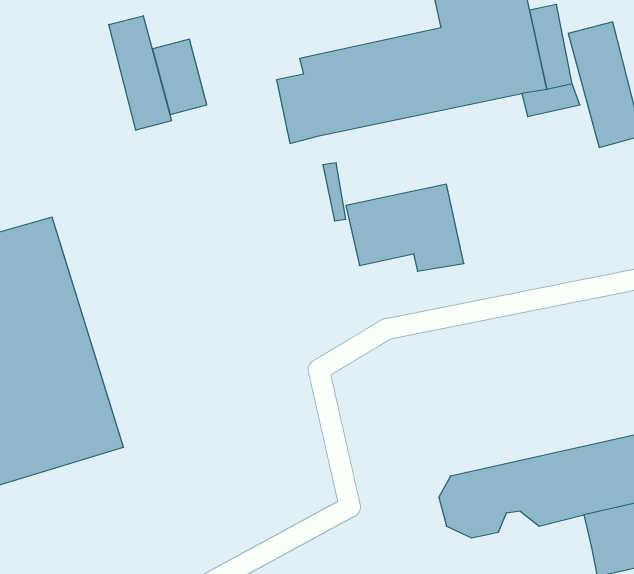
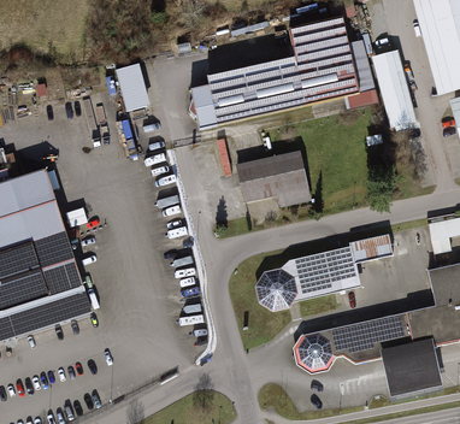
building: [109,16,172,130] -> none
building: none -> [252,232,390,310]

